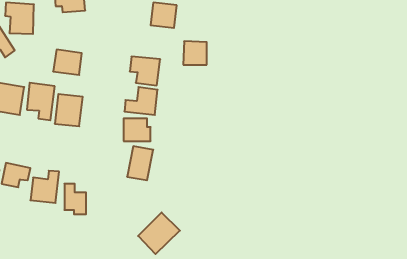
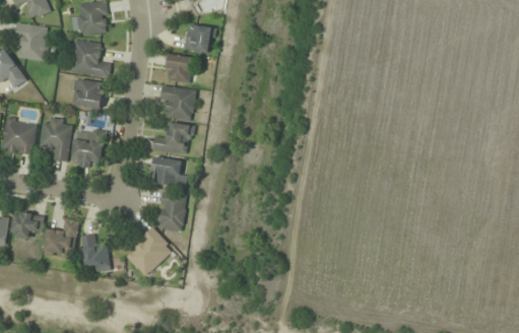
building: none -> [69,39,111,77]
building: [183,41,207,65] -> [166,54,193,81]
building: [138,212,180,254] -> [125,227,174,276]

